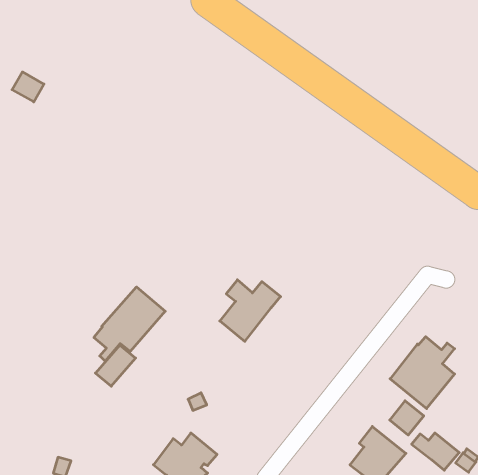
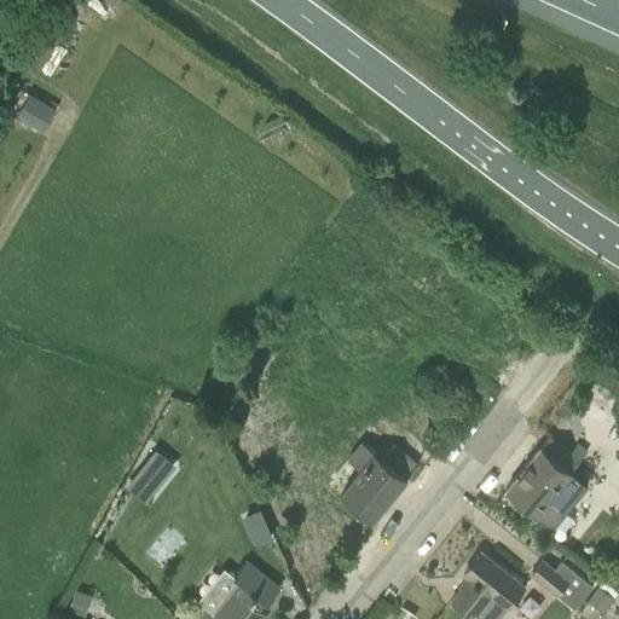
building: [220,280,281,341] -> [341,445,420,525]
building: [94,287,165,361] -> none
building: [390,401,424,435] -> none

